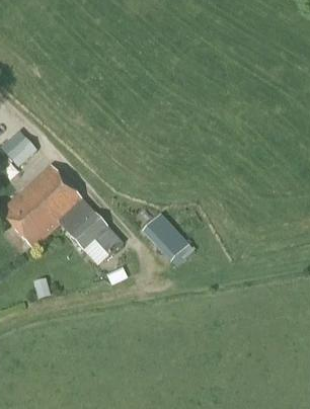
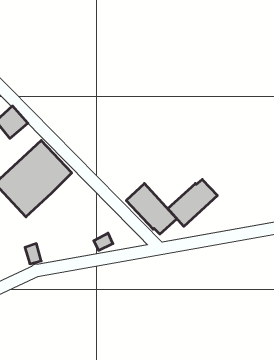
building: [61,201,121,254] -> none
building: none -> [168,179,217,226]

